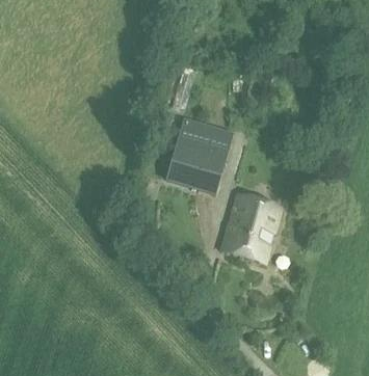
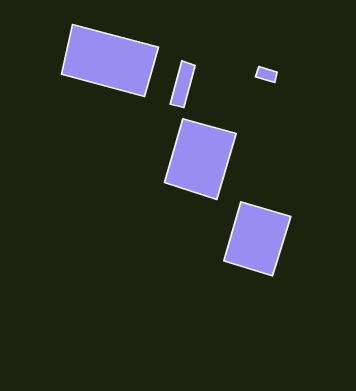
building: none -> [62,24,159,97]

